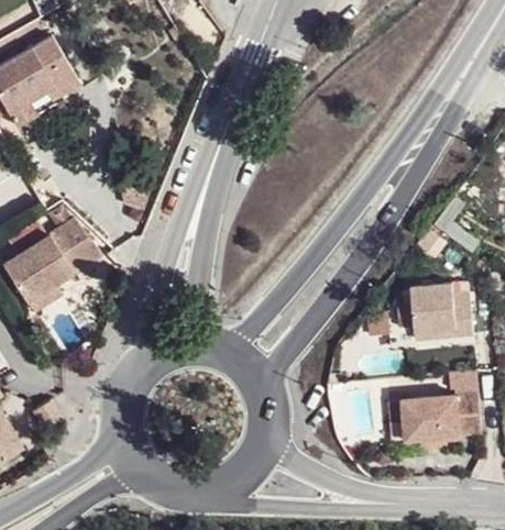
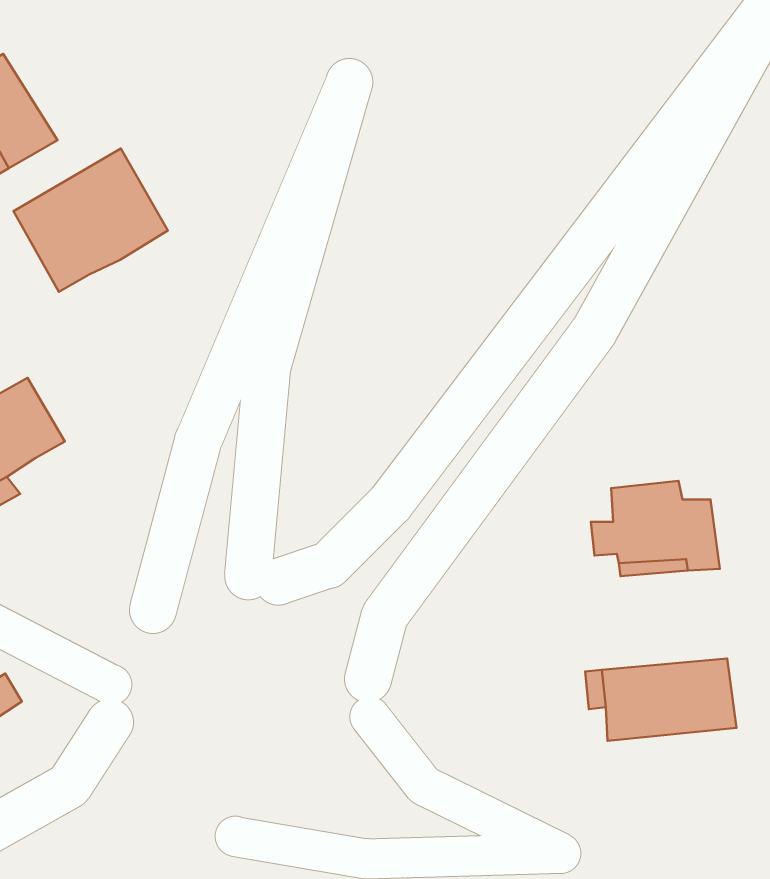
building: none -> [14,149,168,292]

